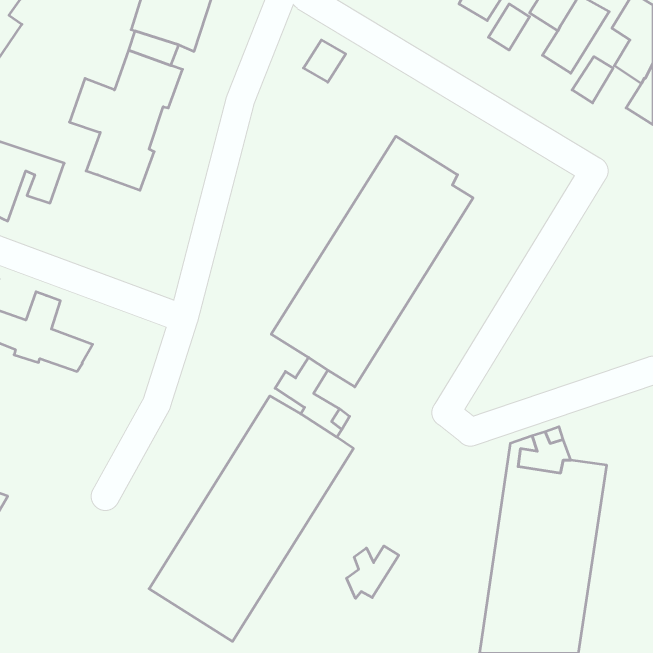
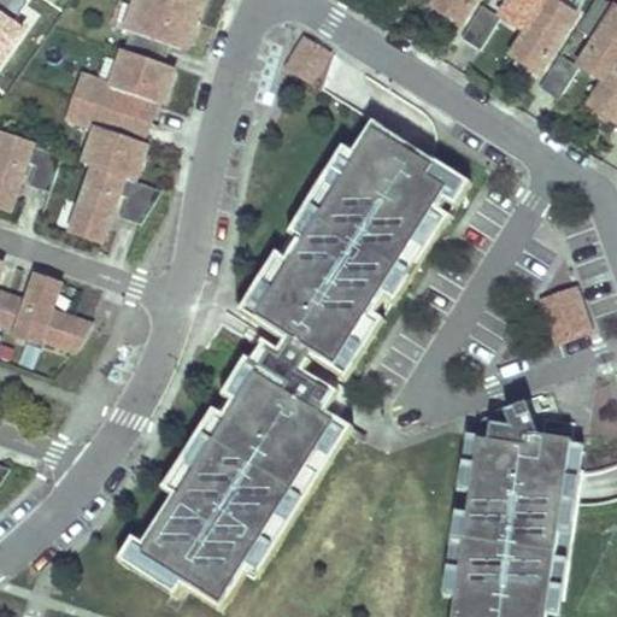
building: none -> [69,164,160,239]
building: none -> [540,287,586,339]
building: [347,546,399,598] -> none

